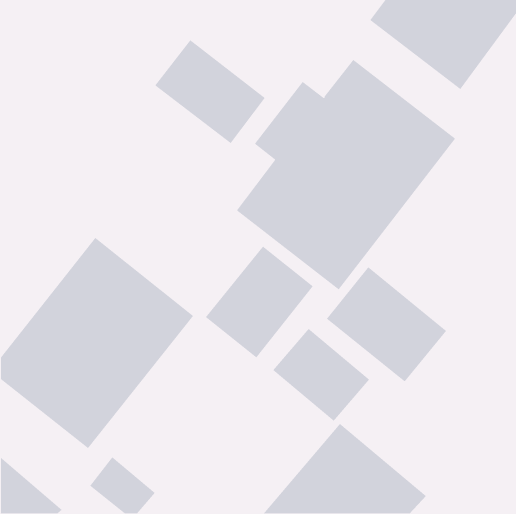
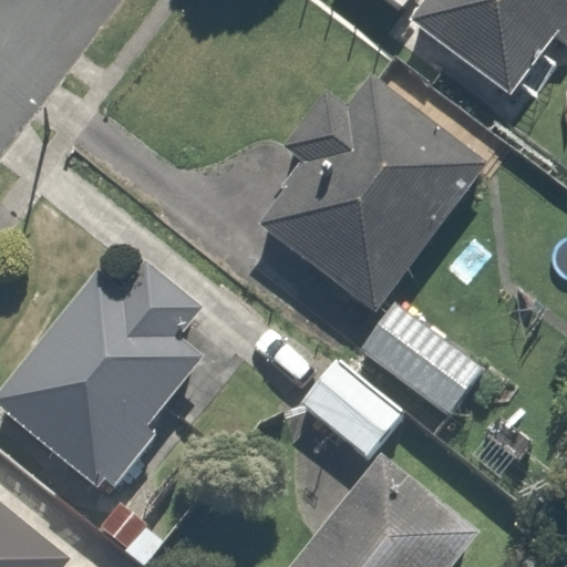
building: [154,39,266,144] -> none
building: [205,245,314,359] -> none

